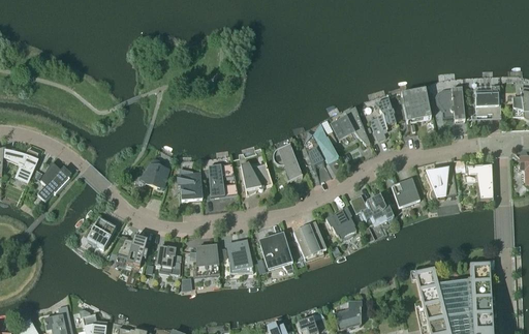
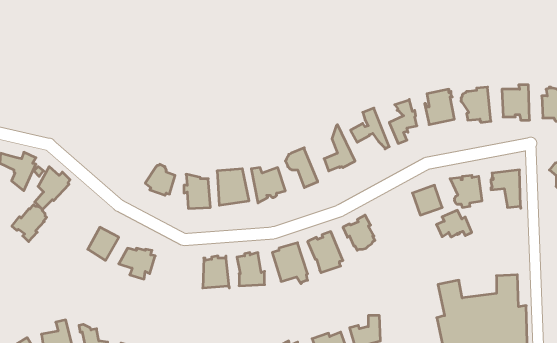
building: [360,195,393,220] -> [436,210,472,237]
building: none -> [12,205,47,242]
building: [155,245,180,273] -> none

